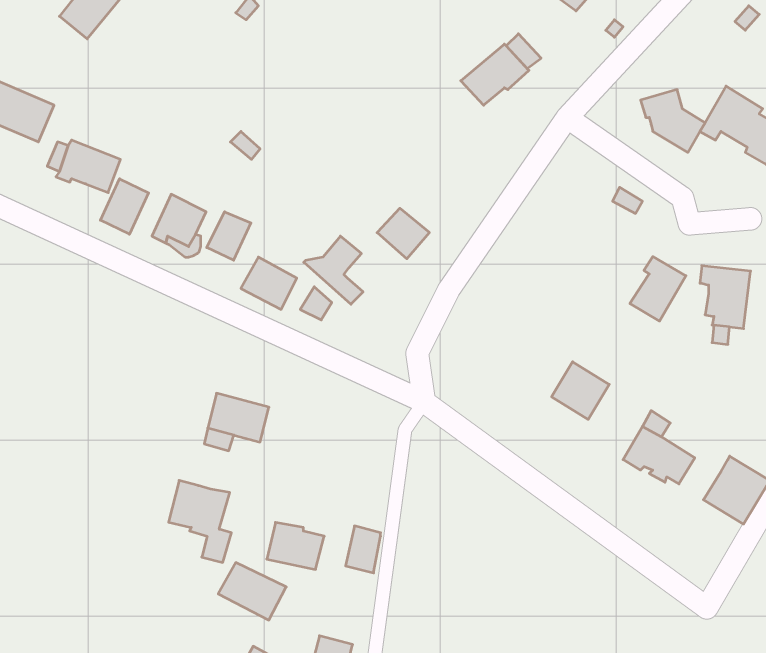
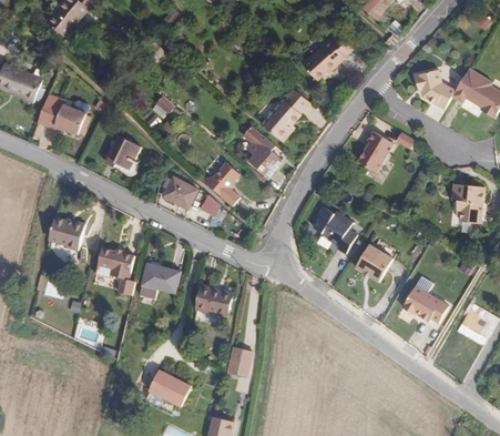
building: none -> [262,89,308,141]
building: [100,179,149,234] -> none
building: [207,212,251,260] -> none
building: [630,257,686,321] -> [360,131,396,172]
building: none -> [316,205,359,252]
building: none -> [49,216,85,250]
building: [169,480,231,562] -> [95,247,135,300]
building: [267,522,324,569] -> [195,285,232,315]

